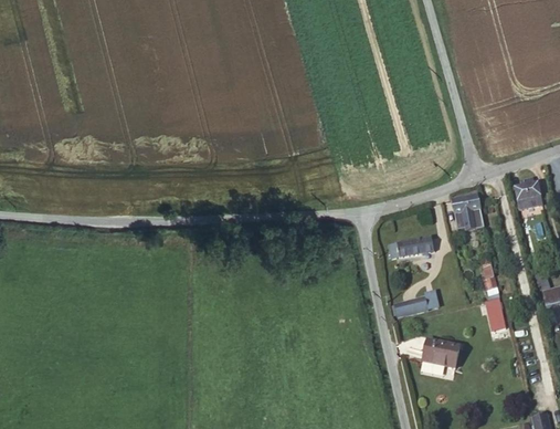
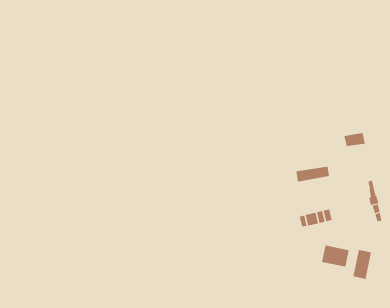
building: [457,210,485,231] -> none
building: none -> [353,249,372,280]

